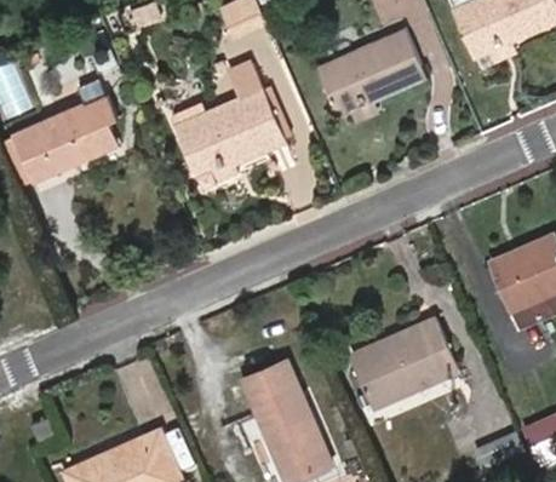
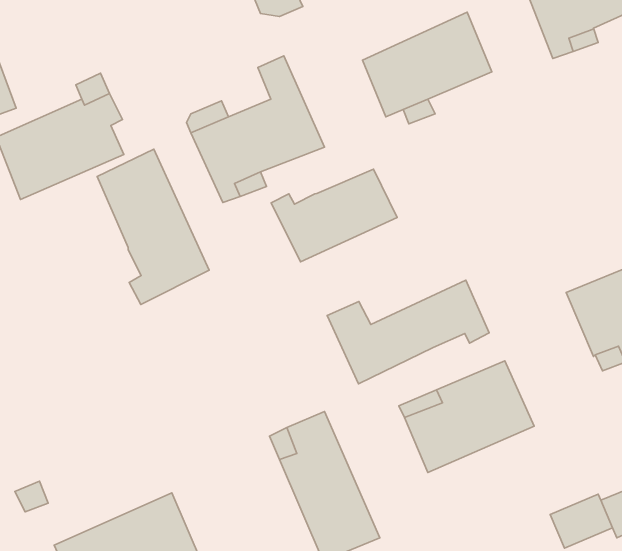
building: none -> [97,149,209,304]
building: none -> [271,169,397,262]
building: none -> [327,280,489,384]

